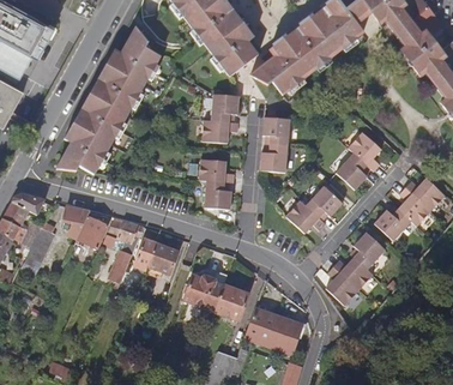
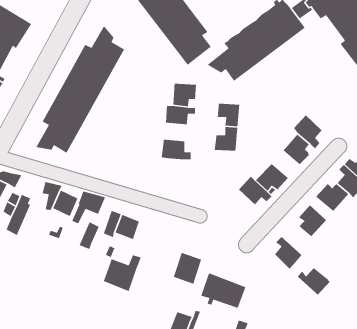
building: [205,181,232,210] -> none
building: [336,258,374,290] -> [297,267,331,296]
building: [183,269,228,312] -> [103,254,142,292]

